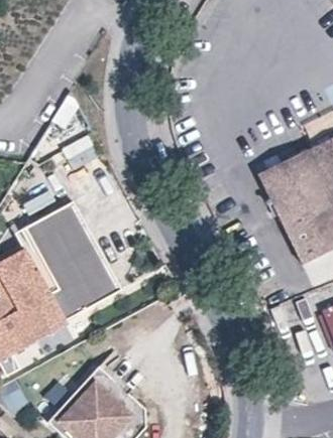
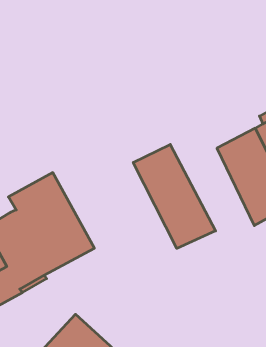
building: none -> [133,144,216,248]

